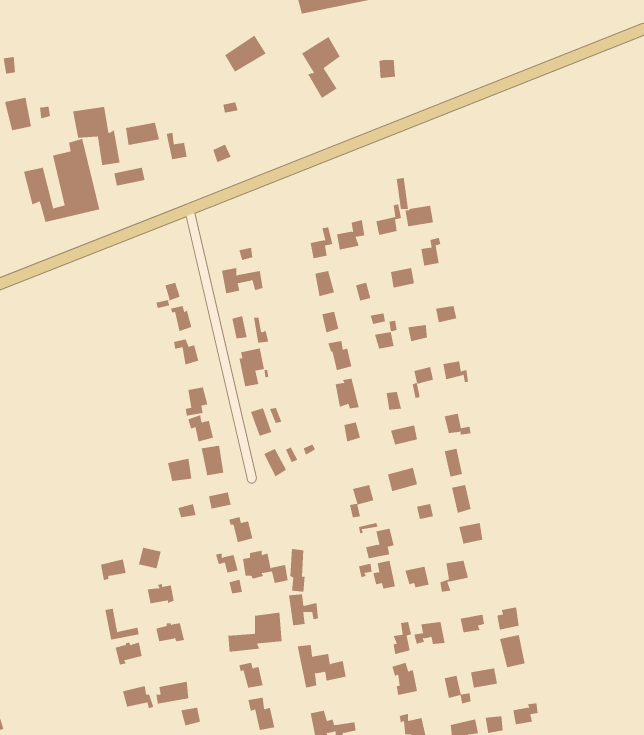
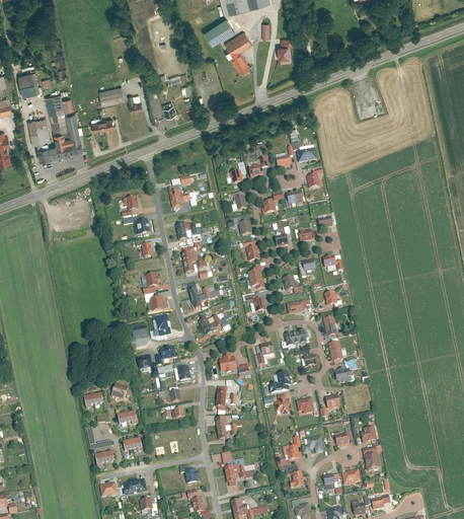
building: [224,35,266,73] -> [205,16,234,43]
building: [73,106,120,166] -> none
building: [242,550,289,584] -> [218,353,250,376]
building: [228,612,282,653] -> none

